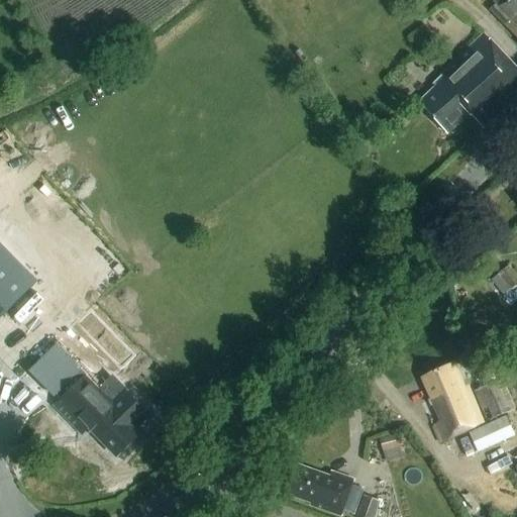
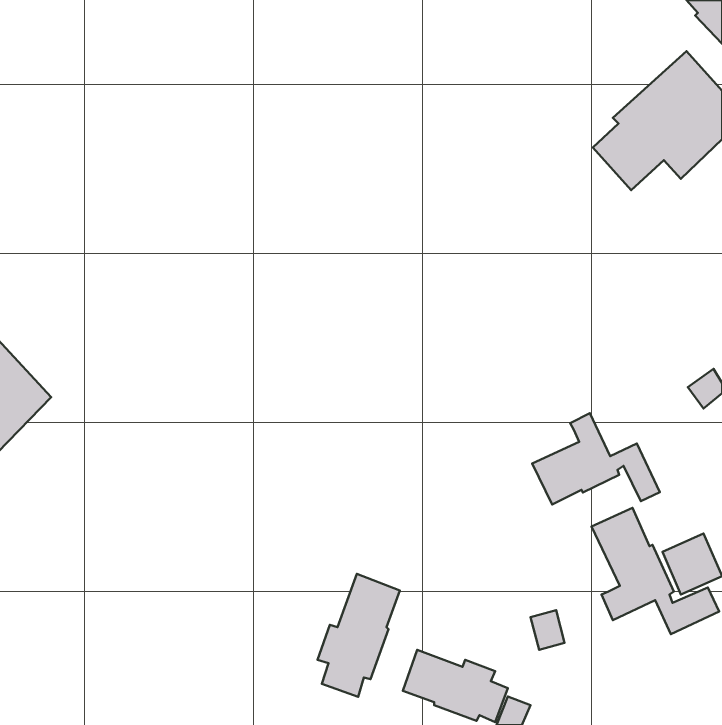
building: none -> [532,413,660,505]
building: [31,343,148,454] -> none
building: none -> [317,574,400,697]

